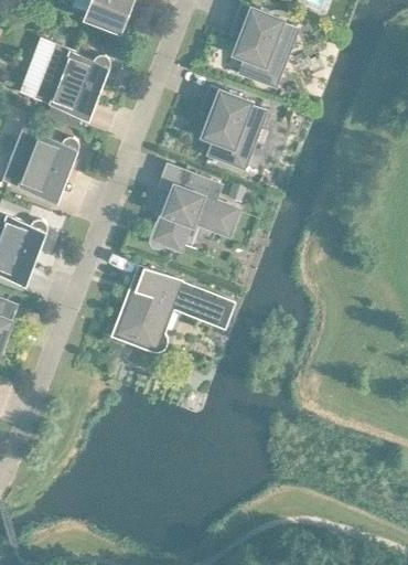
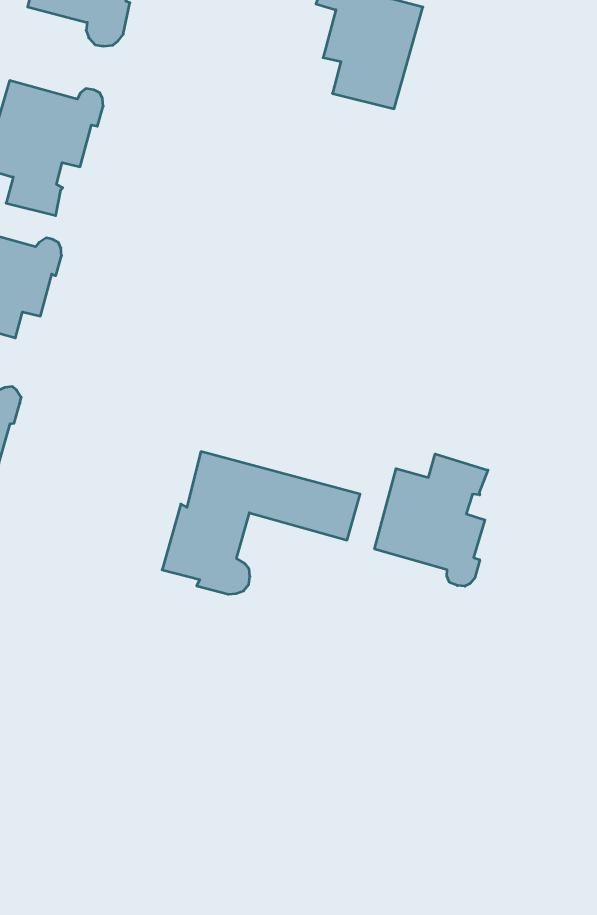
building: [204,87,264,167] -> none
building: [149,172,237,249] -> none
building: none -> [375,454,488,586]

